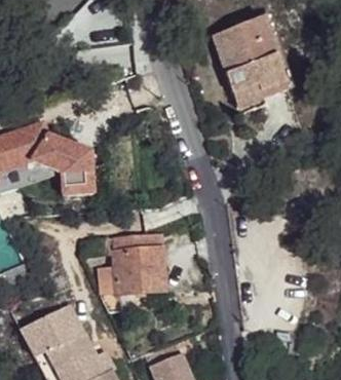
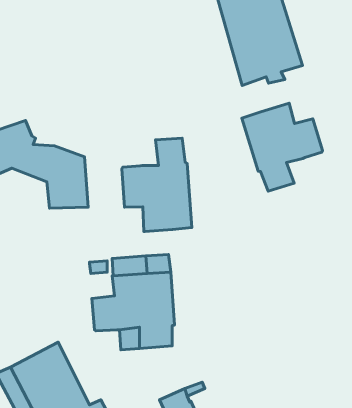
building: none -> [242,103,322,191]
building: none -> [122,138,192,232]

